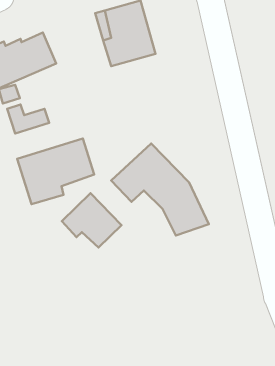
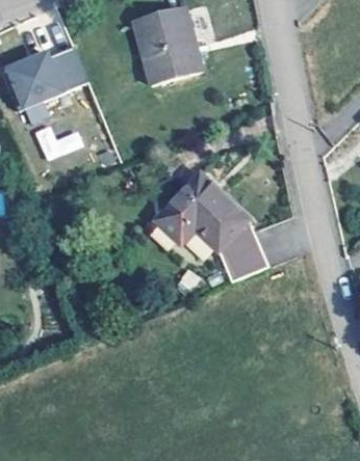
building: [17,138,94,204] -> none
building: [62,193,121,248] -> none

